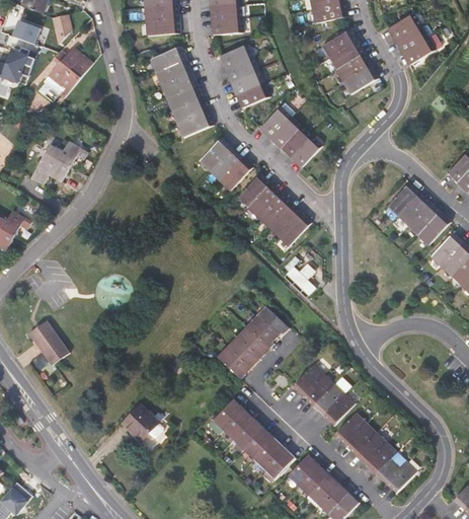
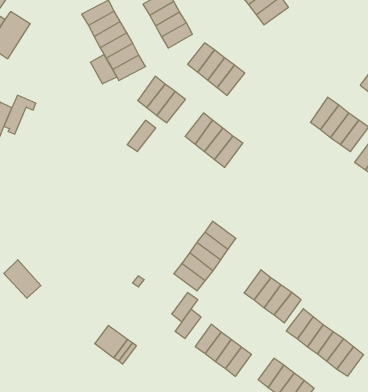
building: none -> [90,54,117,84]
building: [237,173,270,207] -> [127,120,156,152]
building: [221,409,251,440] -> [172,293,198,322]
building: [286,453,316,485] -> none

